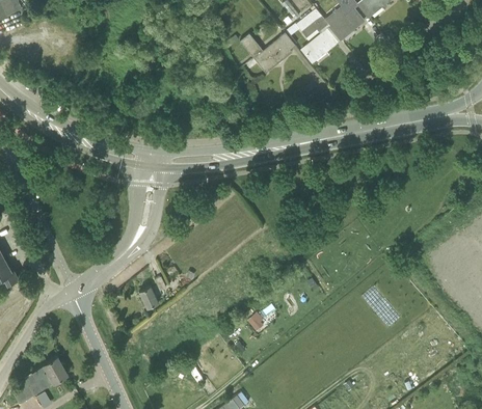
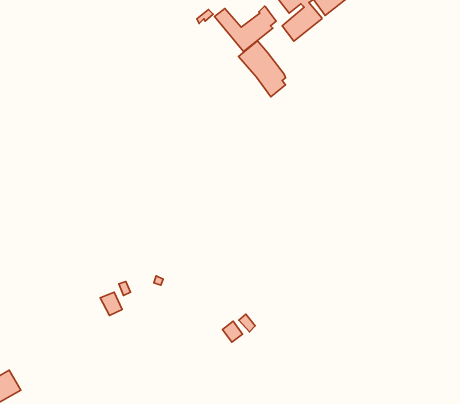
building: none -> [239,41,286,97]

